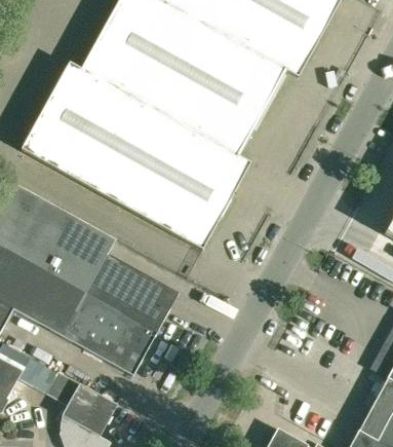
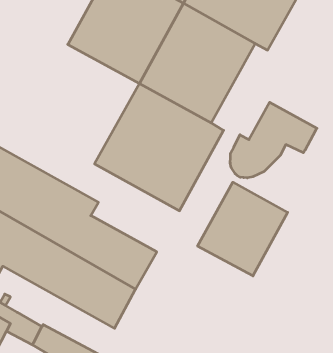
building: [22,62,160,198] -> none
building: none -> [230,102,317,178]
building: none -> [198,182,288,276]

